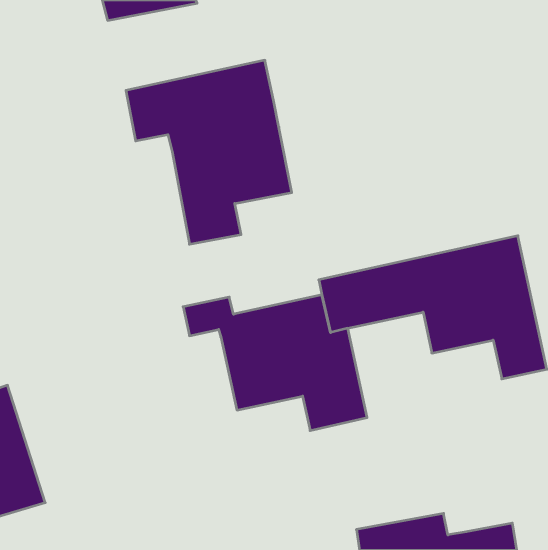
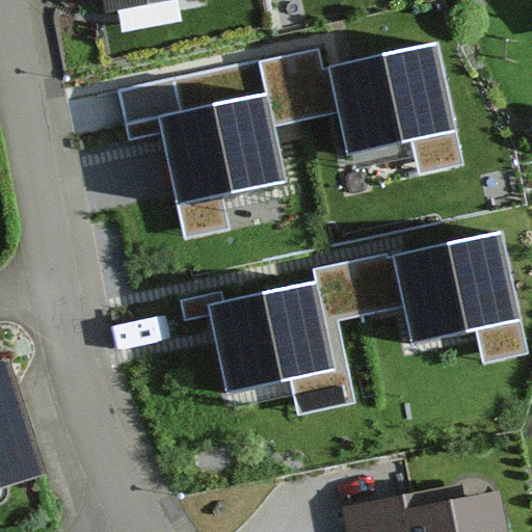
building: none -> [256,41,468,178]

